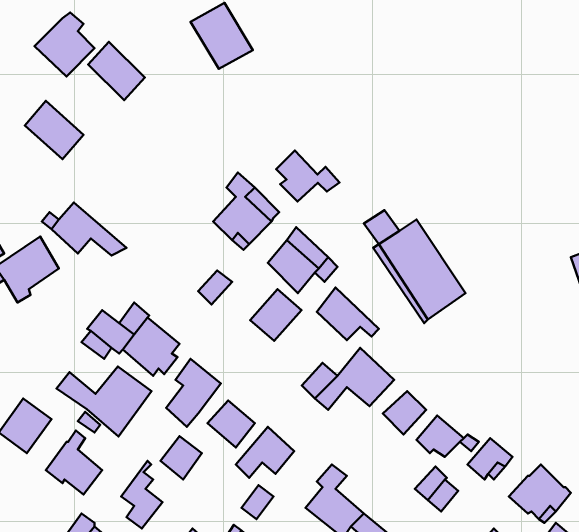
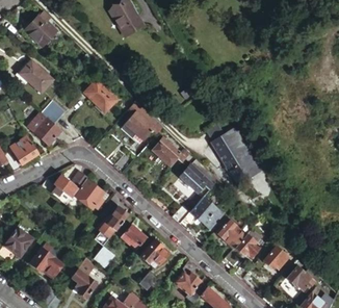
building: [88,42,145,100] -> [85,80,116,112]
building: [276,150,339,202] -> none
building: [250,289,301,341] -> none
building: [56,367,151,436] -> none

